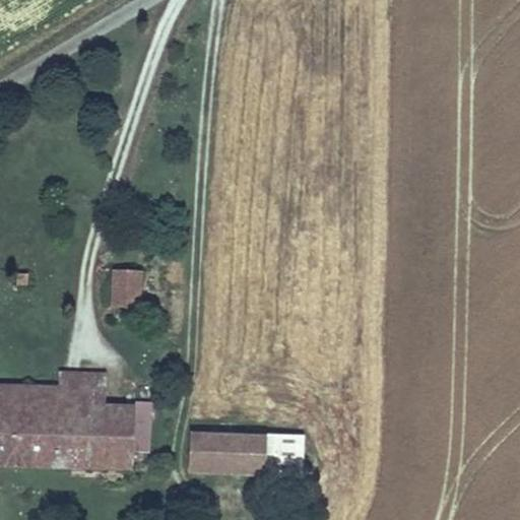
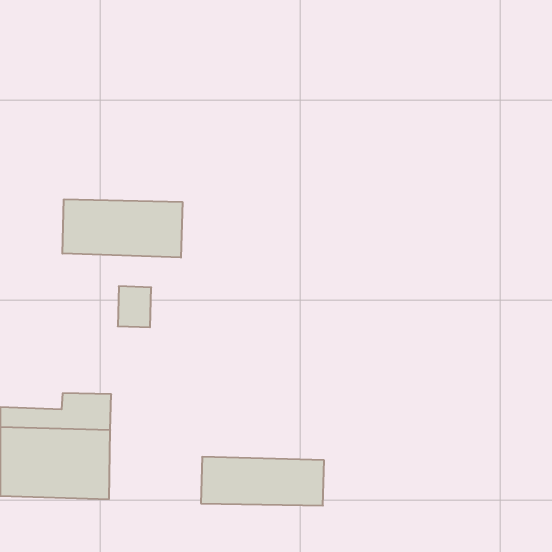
building: none -> [62,199,182,258]
building: [103,404,138,470] -> none

